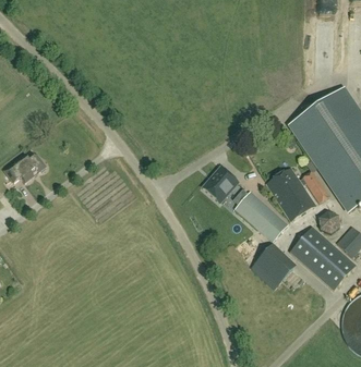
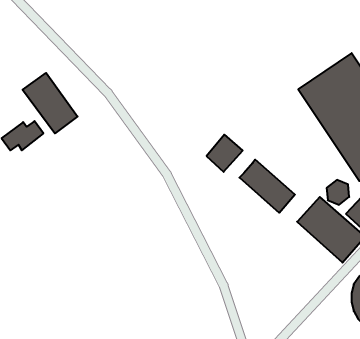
building: none -> [23,73,78,133]
building: [266,167,327,219] -> none
building: [250,242,296,289] -> none

